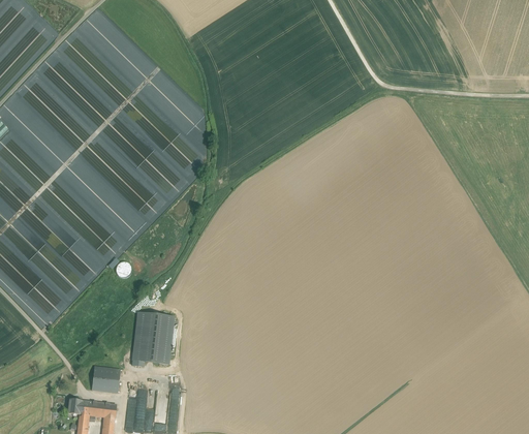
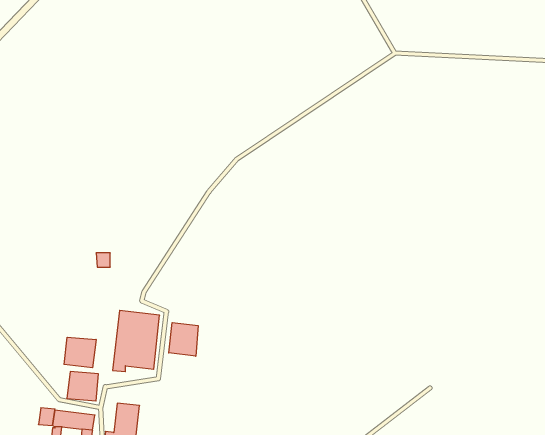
building: none -> [169,323,198,356]
building: none -> [64,337,96,368]

